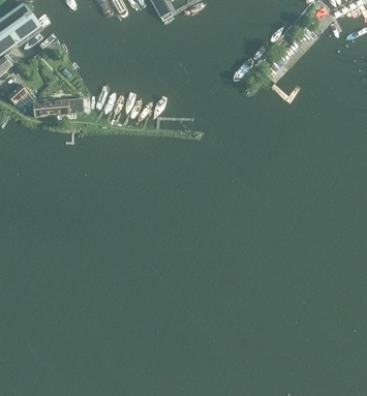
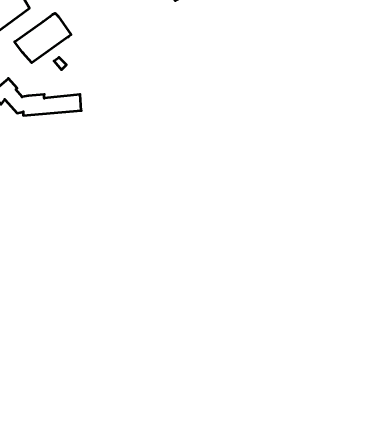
building: none -> [15,13,71,63]

